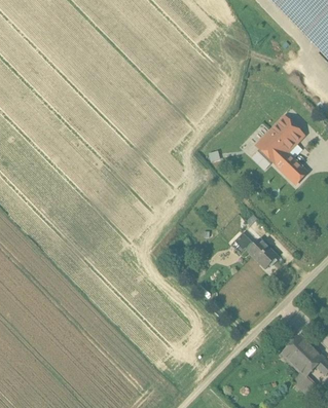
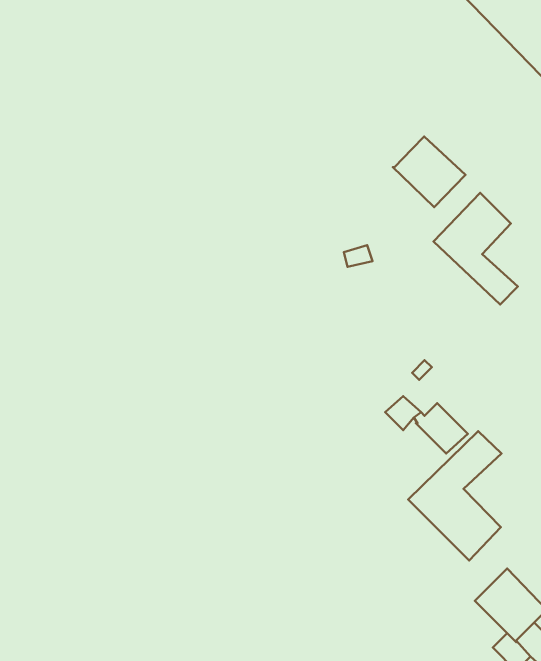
building: none -> [393,137,466,207]
building: none -> [408,431,501,560]

